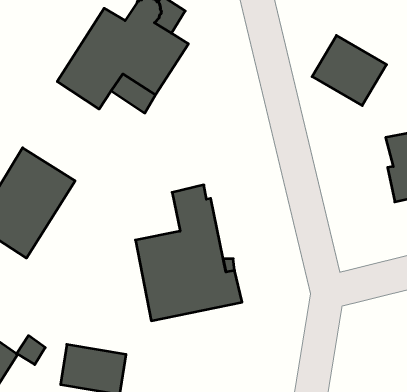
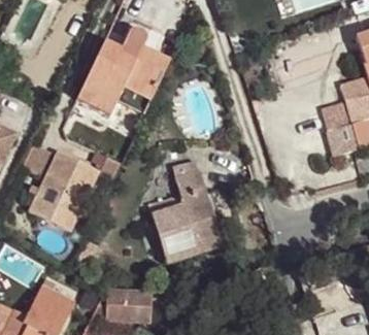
building: [312,35,387,106] -> none

